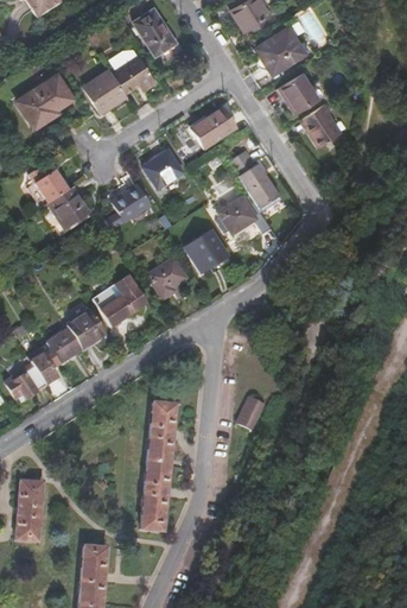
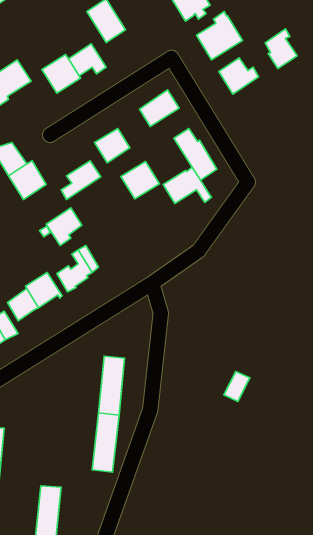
building: [305,103,341,147] -> [265,29,297,69]
building: [185,230,228,272] -> [121,161,159,199]
building: [147,256,186,298] -> [46,208,82,246]
building: [236,397,265,430] -> [224,371,250,401]

